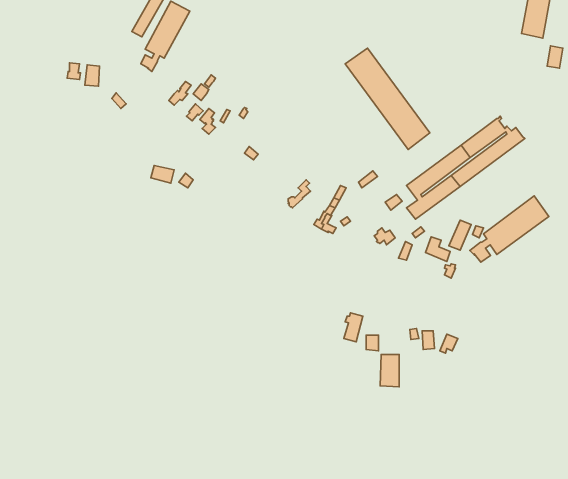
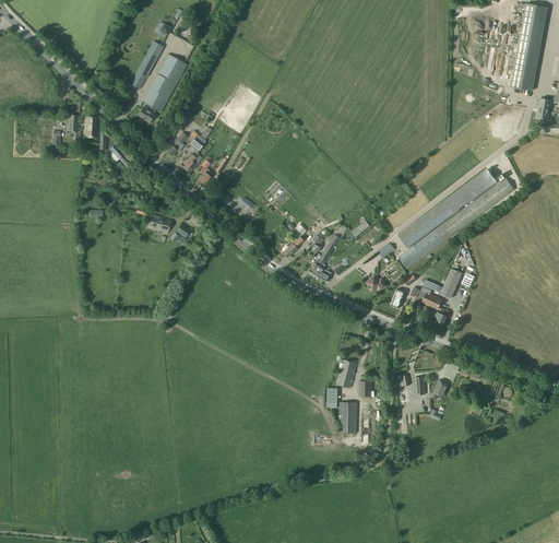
building: [345,48,430,150] -> none
building: [470,196,549,262] -> none
building: [380,354,399,387] -> [338,402,357,434]

